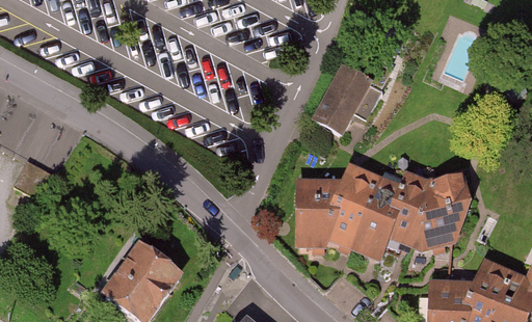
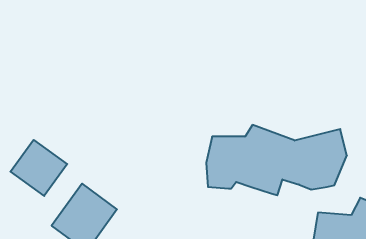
building: [316,68,383,134] -> none
building: none -> [10,140,67,196]

